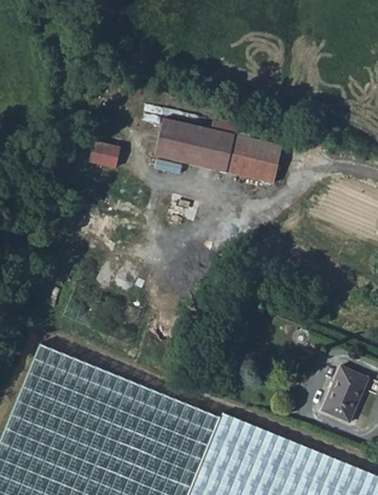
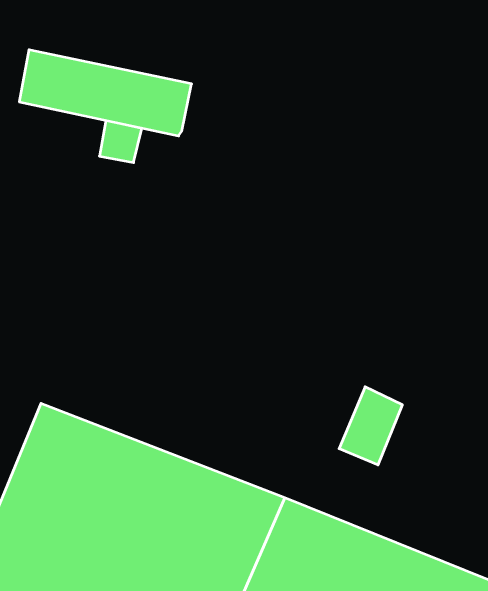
building: [155,120,283,184] -> [19,50,192,136]
building: [319,363,366,421] -> [339,387,402,465]

